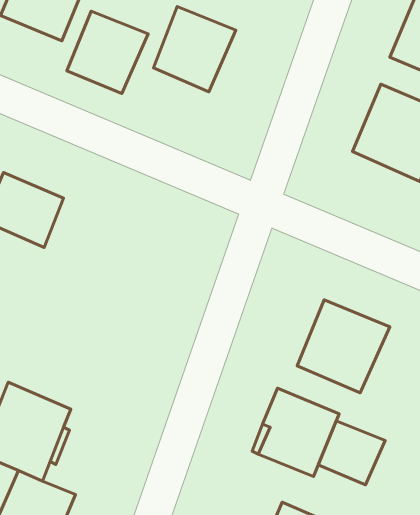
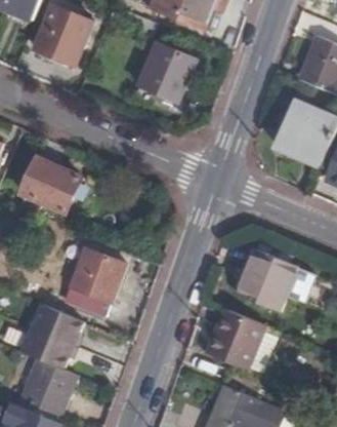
building: [67,11,148,94] -> none
building: none -> [60,245,125,315]
building: [318,421,385,485] -> none

